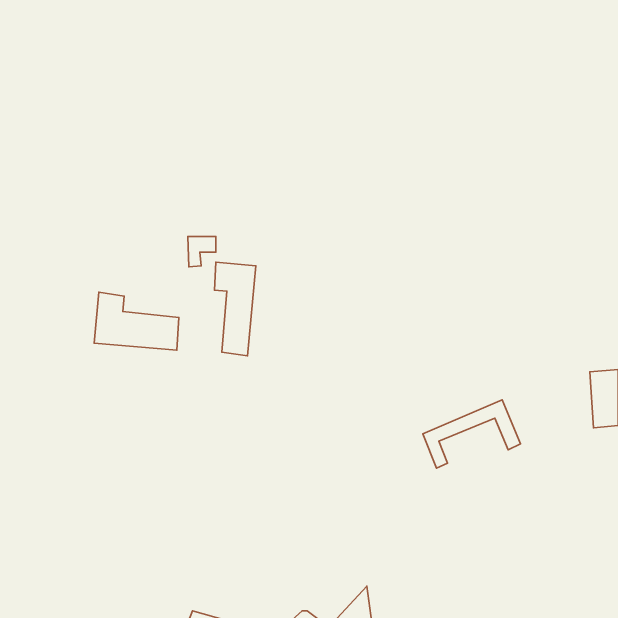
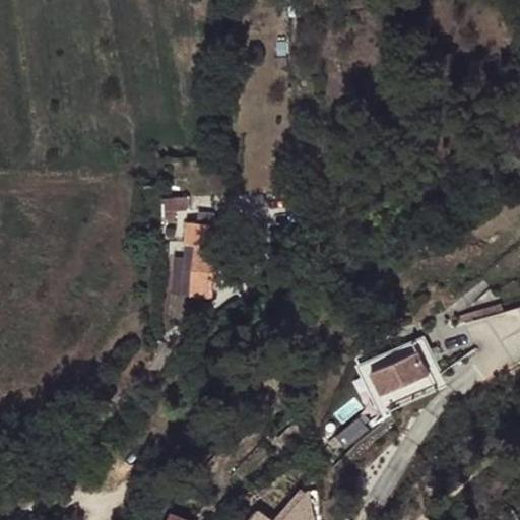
building: [94,292,179,350] -> none
building: none -> [364,352,437,410]

